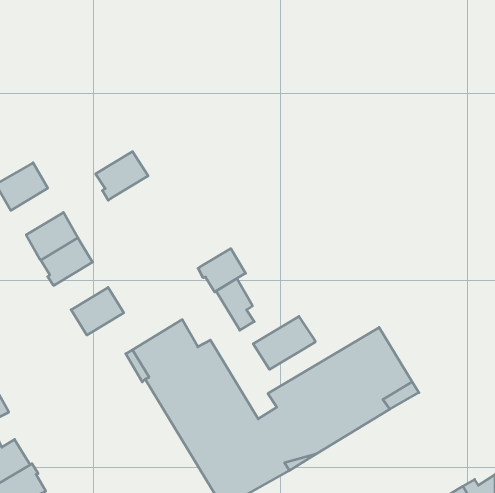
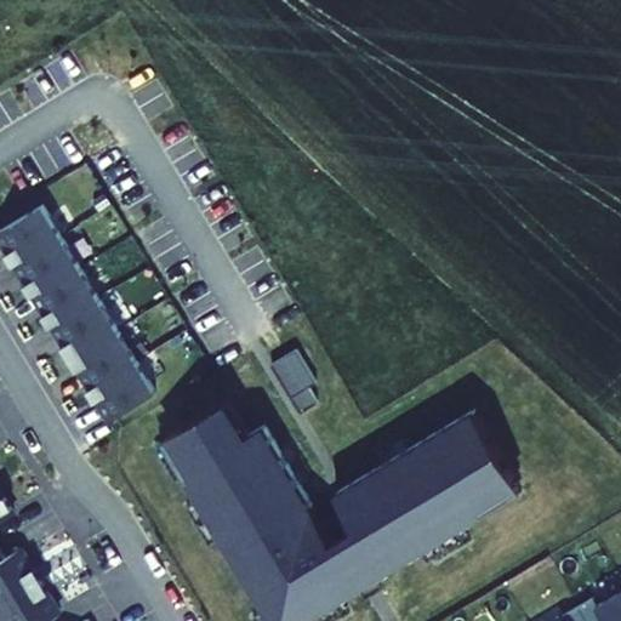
building: [96,152,148,200] -> [13,240,79,301]
building: [198,249,246,292] -> none
building: none -> [69,332,135,392]
building: [253,316,315,369] -> none

